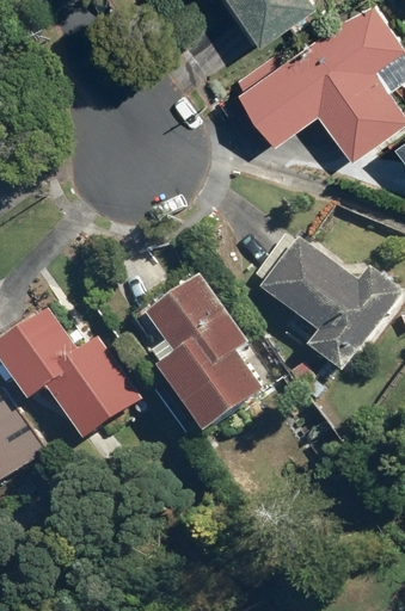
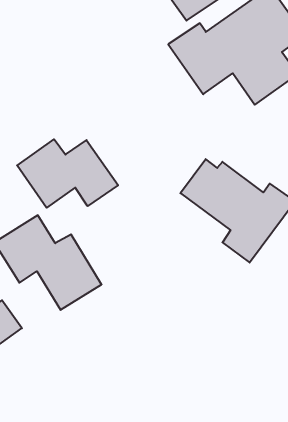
building: none -> [17,139,118,208]
building: [149,277,270,436] -> none

